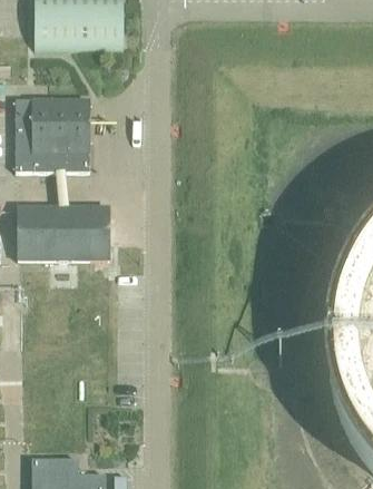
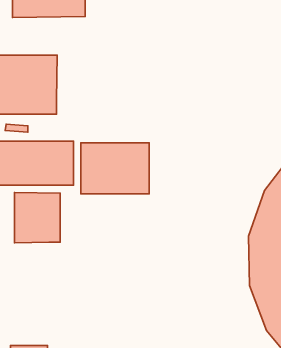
building: none -> [81,143,149,194]
building: none -> [15,192,60,243]

